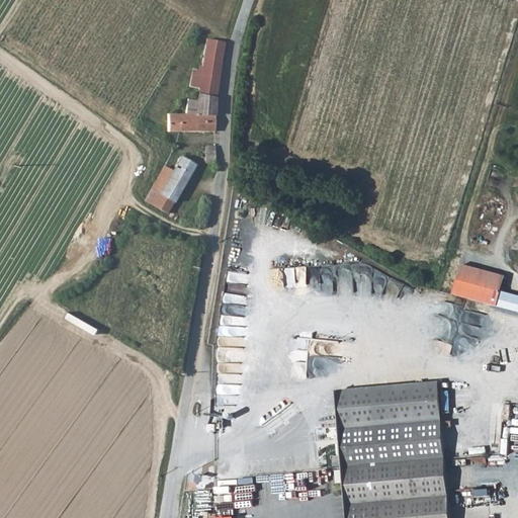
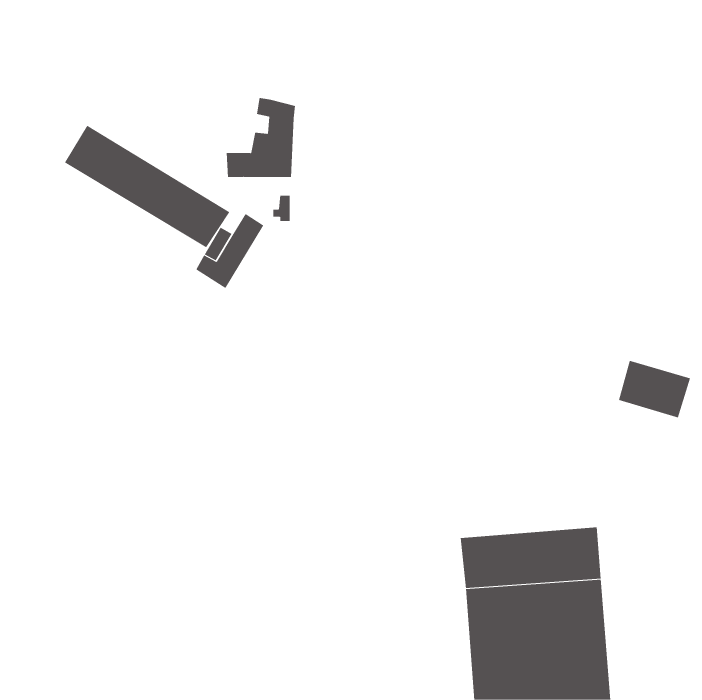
building: [199,38,226,78] -> none
building: none -> [64,125,230,248]

